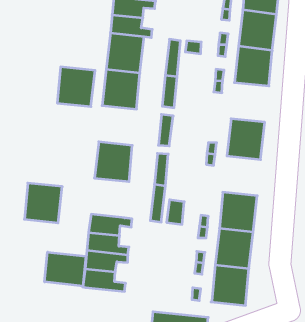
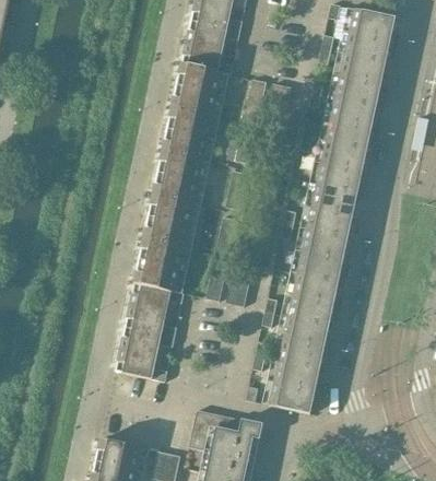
building: [57,67,95,107] -> [152,152,202,204]
building: none -> [316,141,366,193]
building: none -> [296,230,346,282]
building: [24,183,62,223] -> [133,239,184,292]
building: [45,252,86,286] -> none

